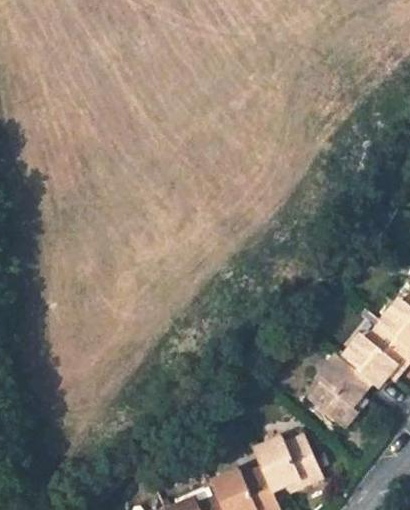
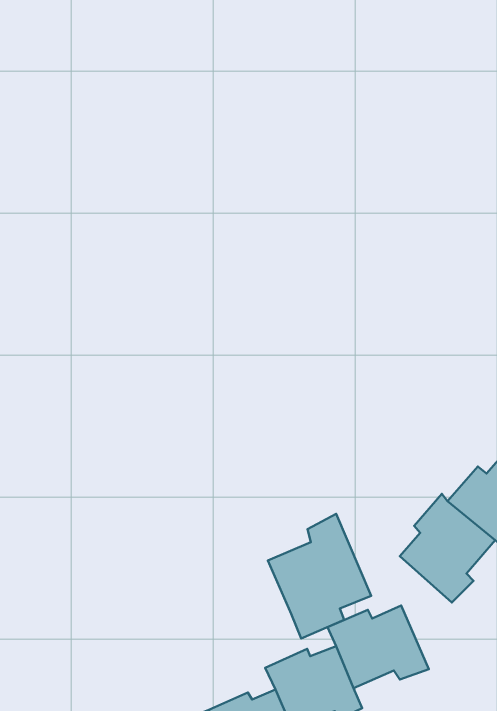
building: none -> [268,514,371,638]

